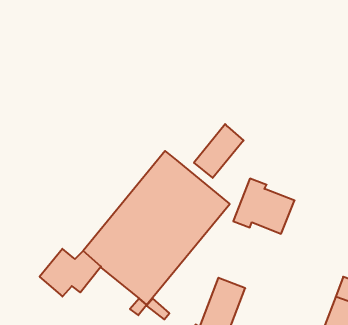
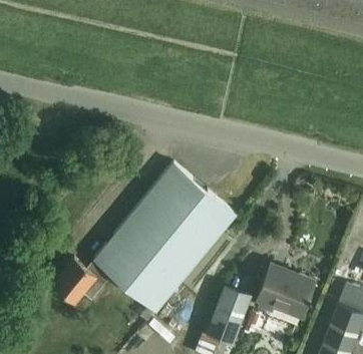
building: [194,124,244,178] -> none
building: [233,179,295,234] -> [255,265,314,318]

